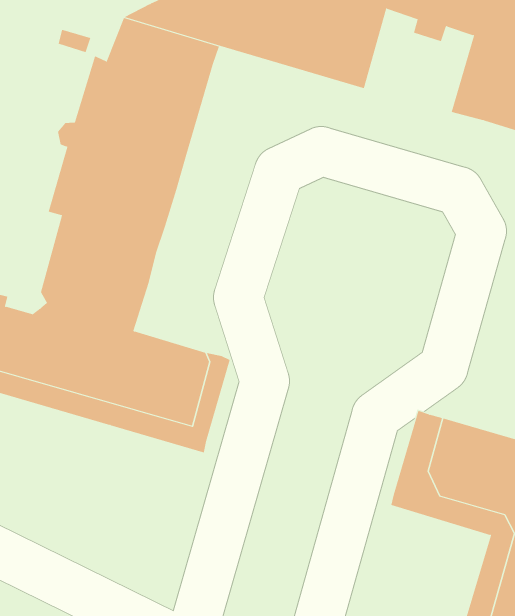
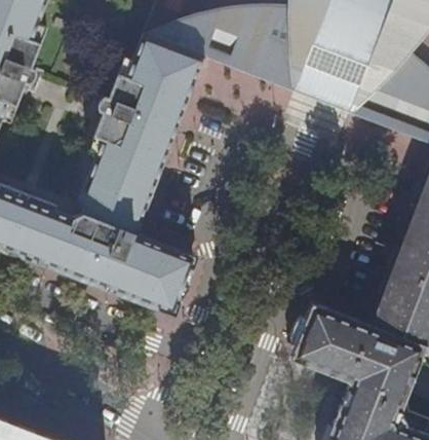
building: none -> [295,42,366,111]

